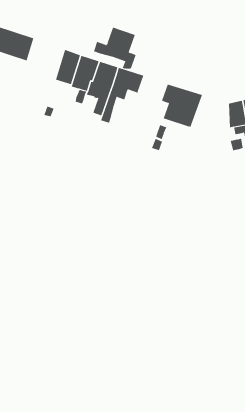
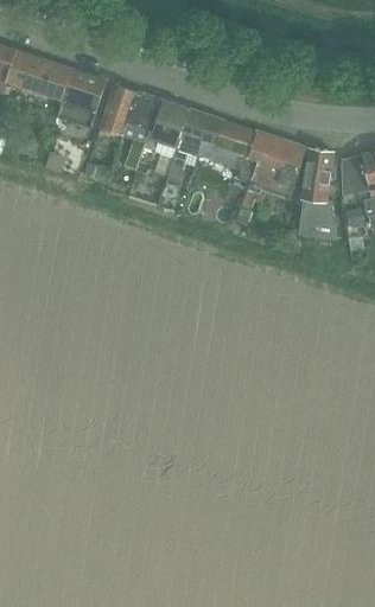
building: [93,27,136,70] -> [197,120,258,180]
building: none -> [56,68,106,127]
building: none -> [297,148,333,236]

